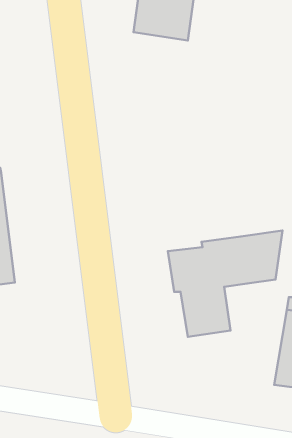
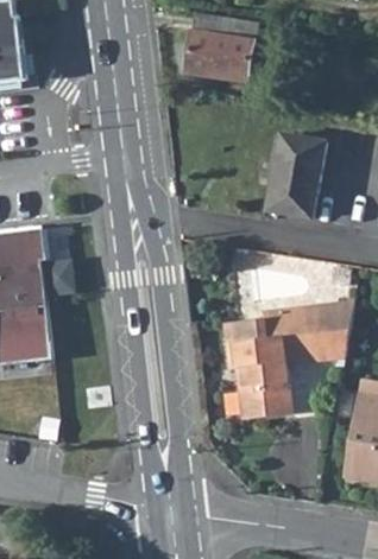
building: none -> [266,133,321,216]

